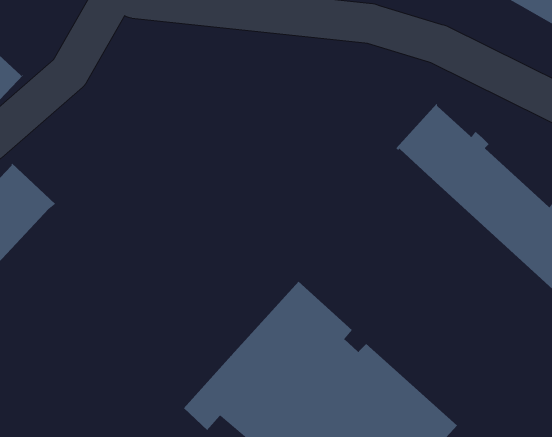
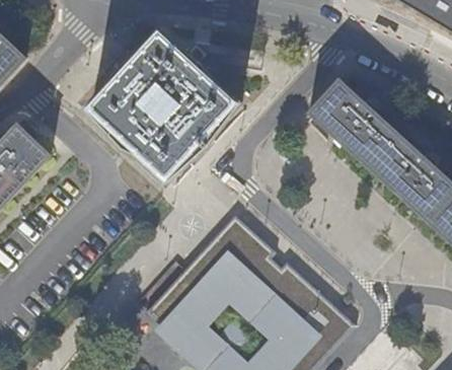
building: none -> [91,34,239,181]

